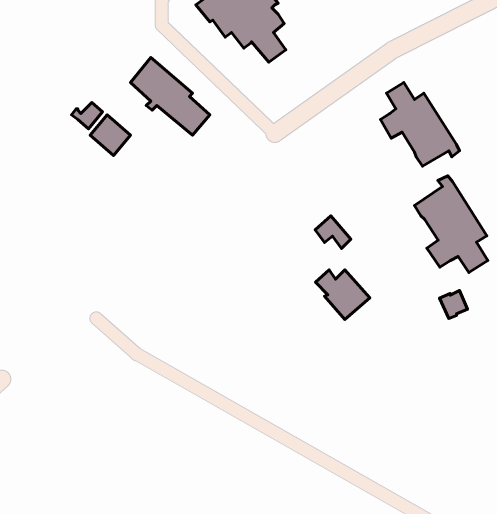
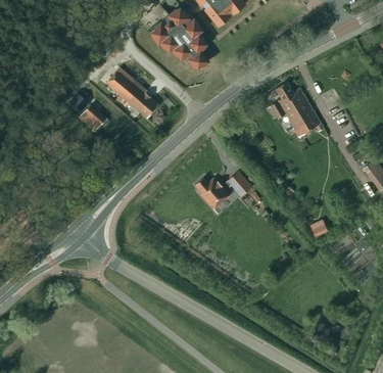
building: [415,176,488,272] -> none
building: [315,270,370,320] -> [194,177,230,209]

